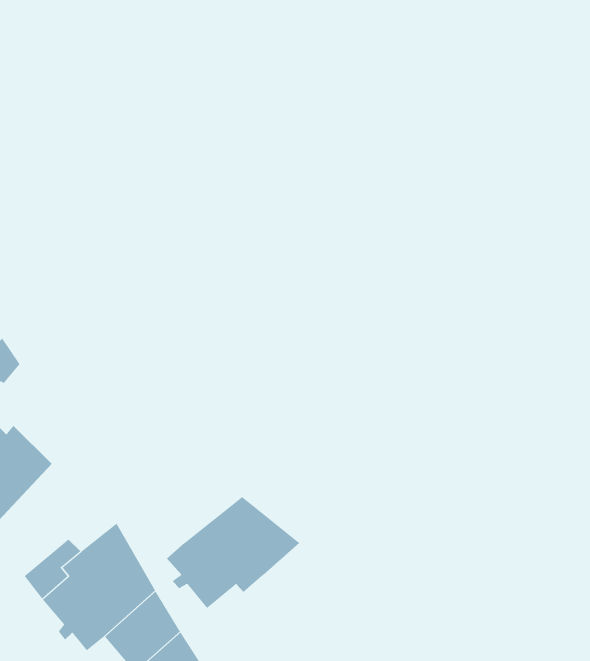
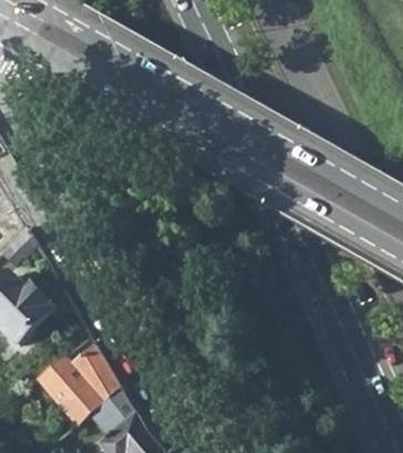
building: [166,496,300,609] -> none

